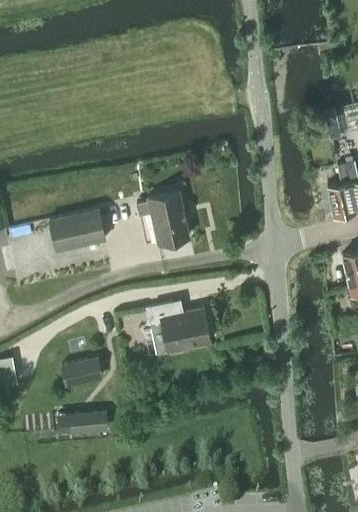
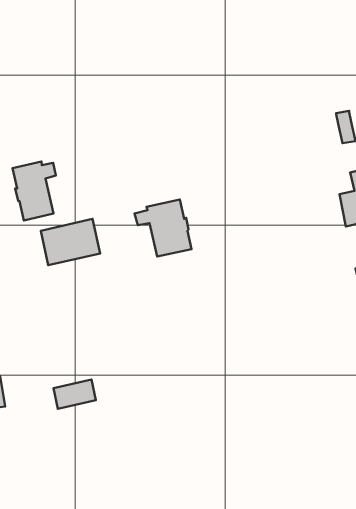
building: none -> [12,162,56,221]
building: [151,303,211,354] -> none
building: [70,412,107,432] -> none

